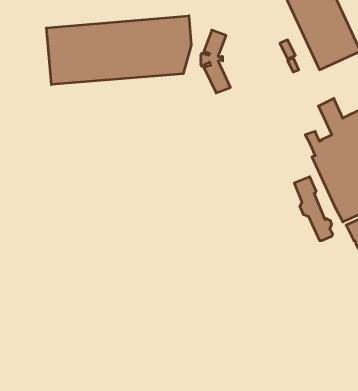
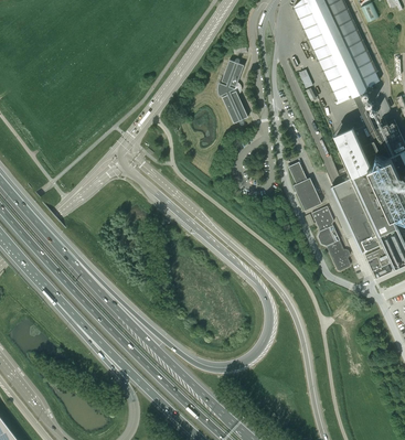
building: [46,16,191,85] -> none
building: none -> [289,163,321,212]

